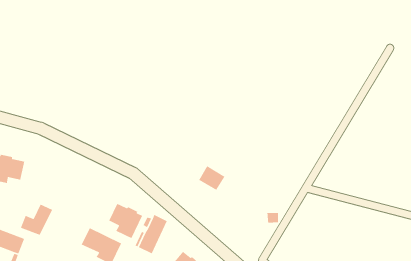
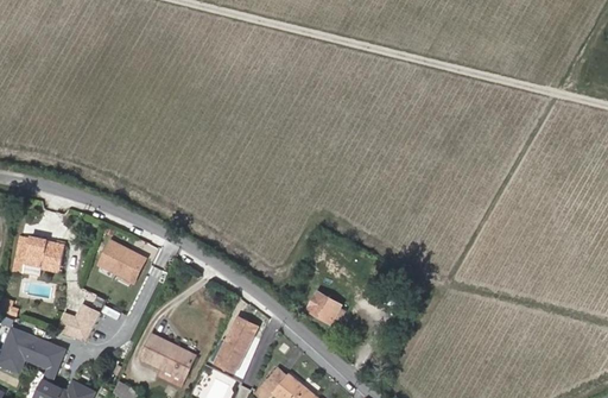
building: none -> [100,241,151,283]
building: [198,165,225,191] -> [304,290,341,324]
building: [108,203,143,239] -> none

